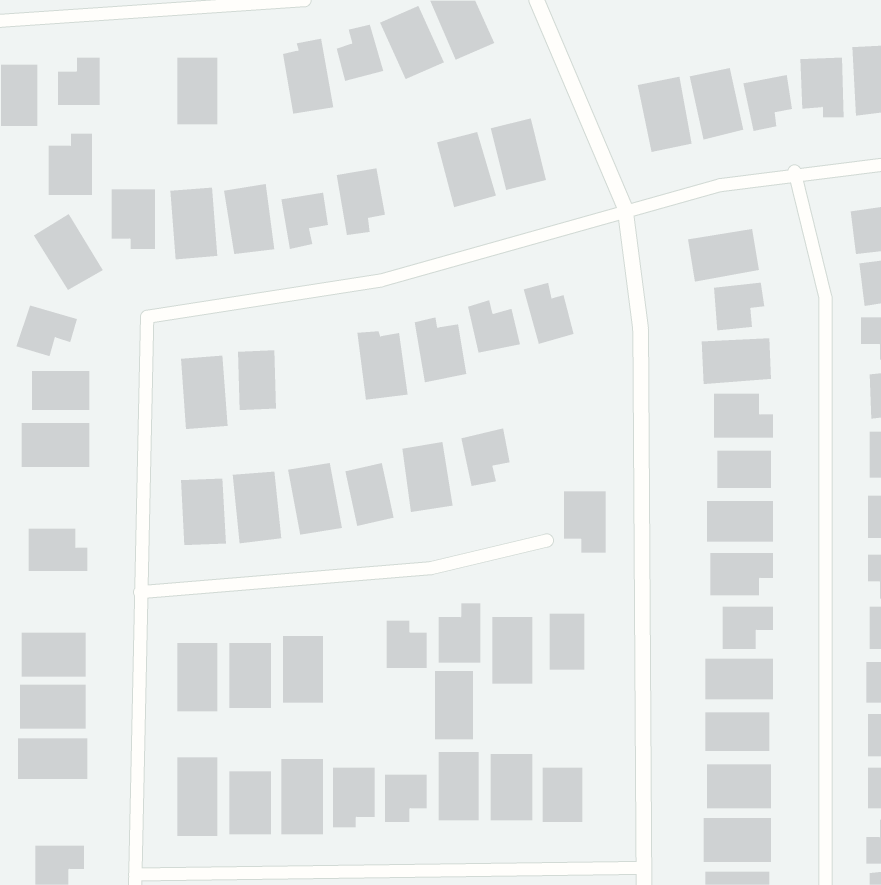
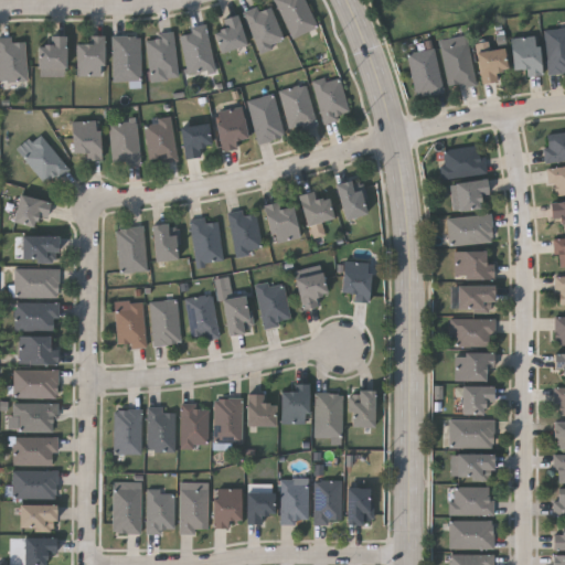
building: none -> [147,33,179,79]
building: [48,133,93,195] -> [76,35,105,75]
building: none -> [249,94,285,142]
building: none -> [191,218,225,264]
building: none -> [15,302,60,330]
building: [563,491,606,553] -> [342,263,370,302]
building: none -> [15,370,58,397]
building: [434,671,474,740] -> [216,398,242,443]
building: none -> [20,504,57,530]

